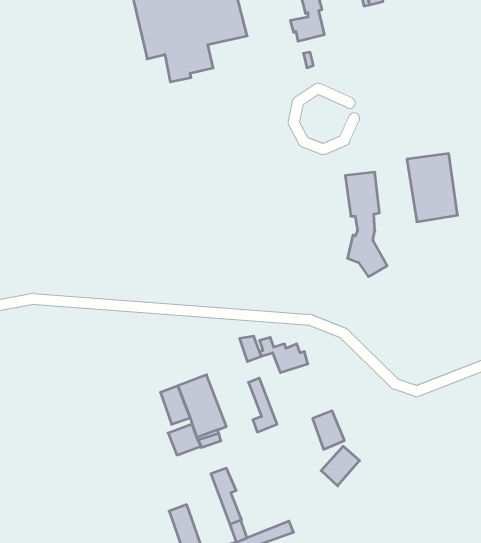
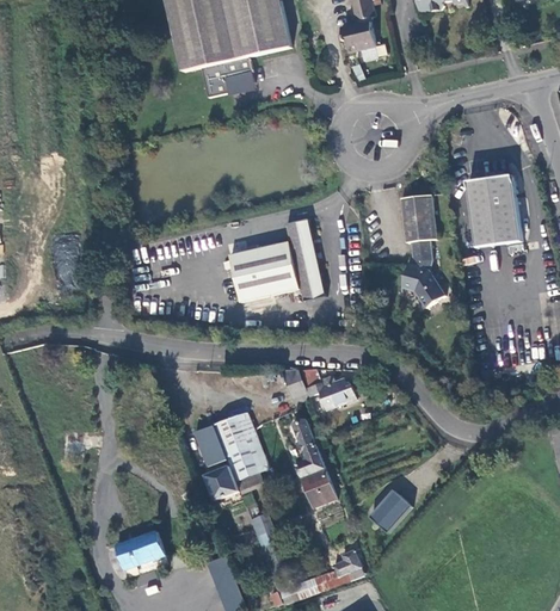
building: none -> [219,217,325,304]
building: [313,411,344,449] -> [302,465,337,507]
building: none -> [115,529,167,570]
building: none -> [334,550,364,582]

